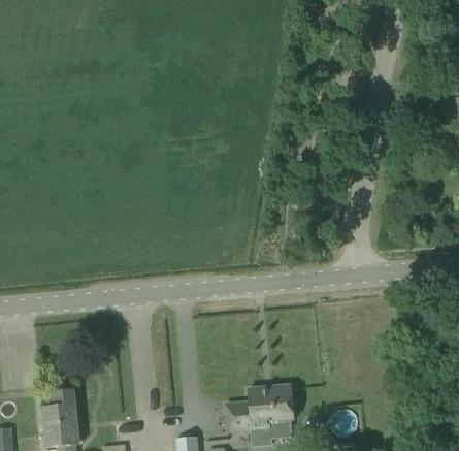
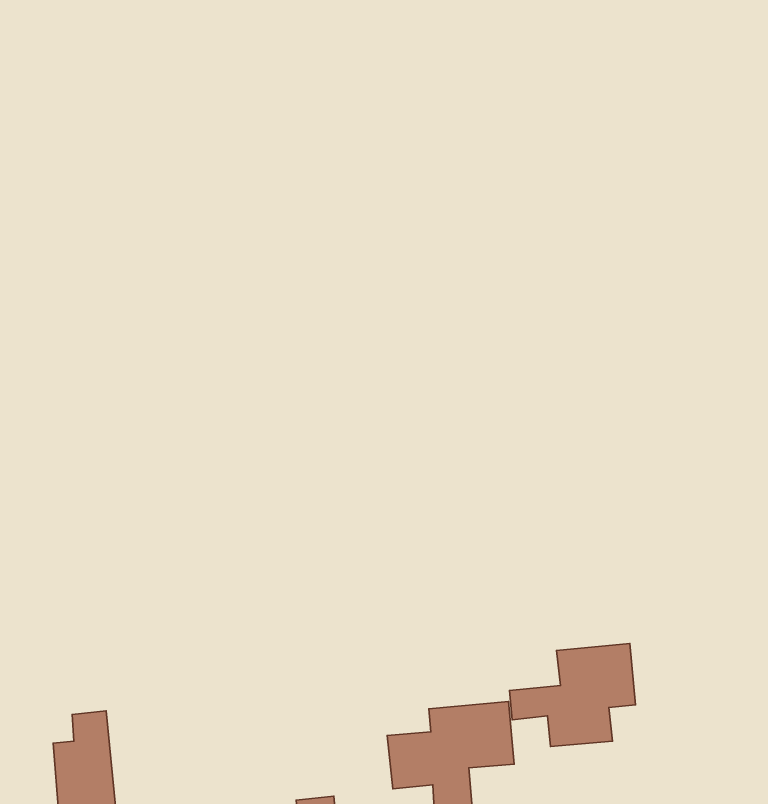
building: none -> [510,643,636,746]

